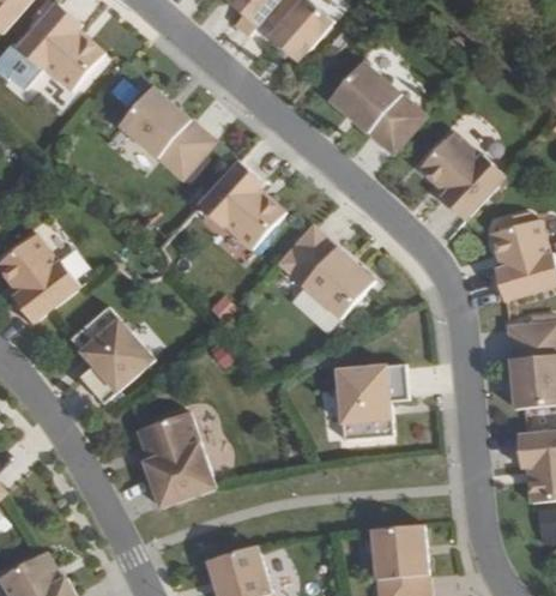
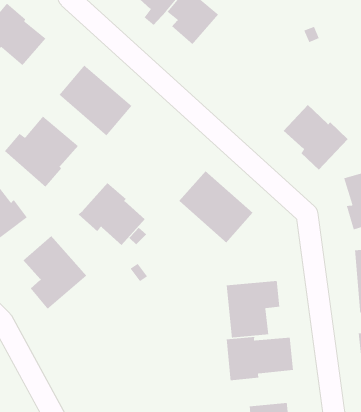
building: [324,60,421,155] -> none
building: none -> [4,116,79,188]
building: [201,163,289,246] -> [78,182,145,246]
building: [140,410,219,506] -> none
building: none -> [226,336,294,381]

